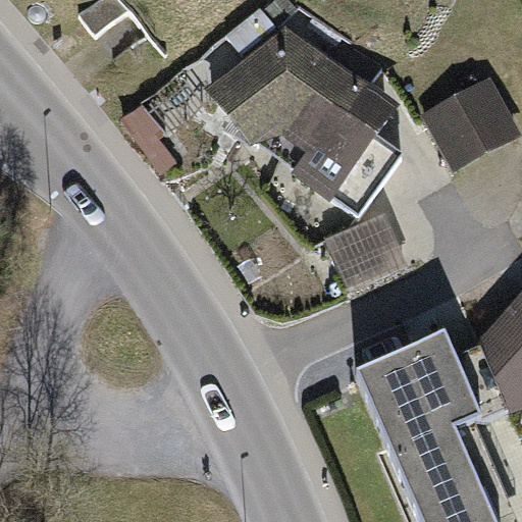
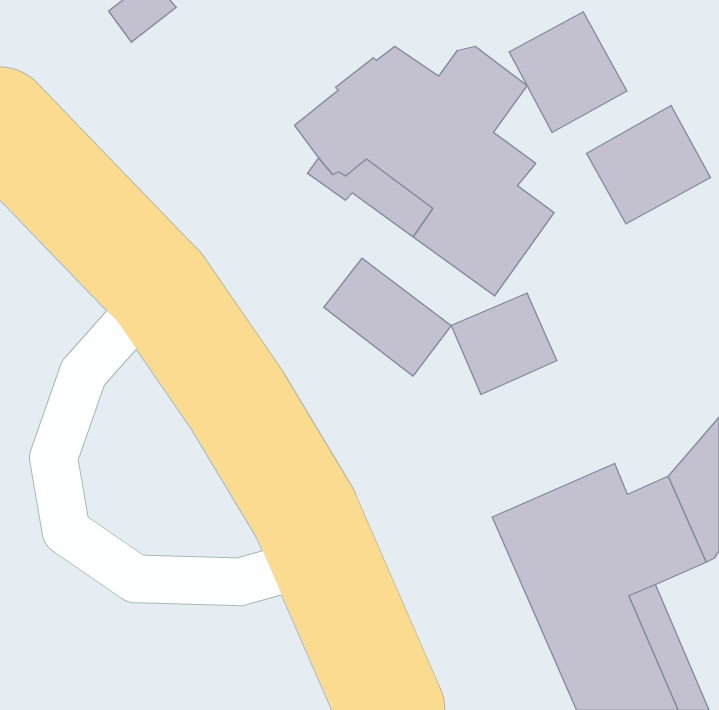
building: none -> [509,12,627,132]
building: none -> [324,258,451,376]

